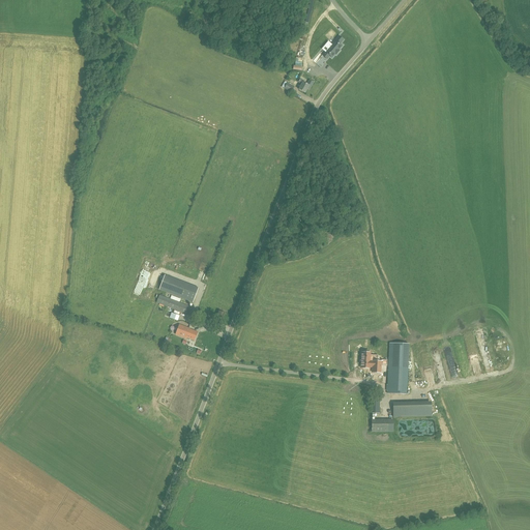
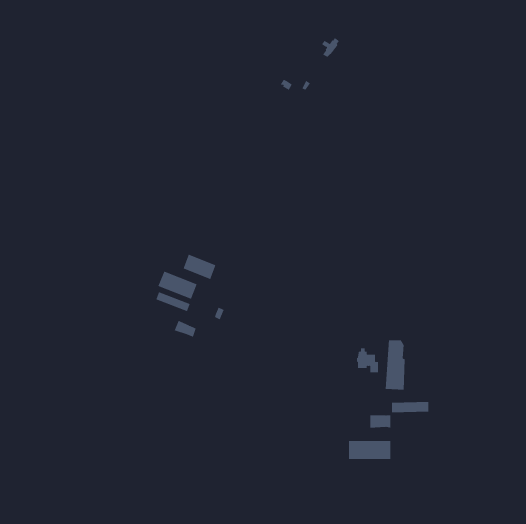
building: none -> [183,254,216,280]
building: none -> [348,440,391,460]

